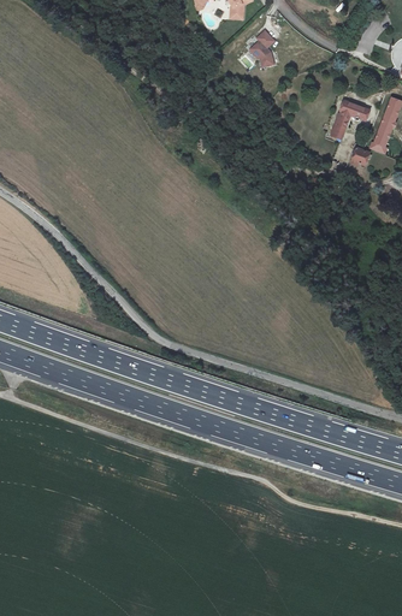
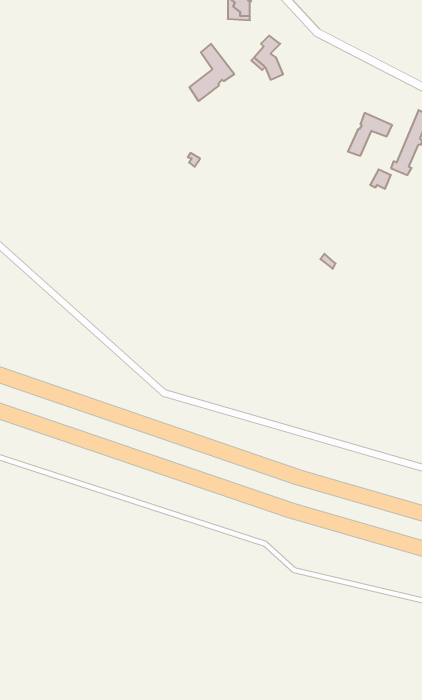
building: none -> [189,44,234,101]

